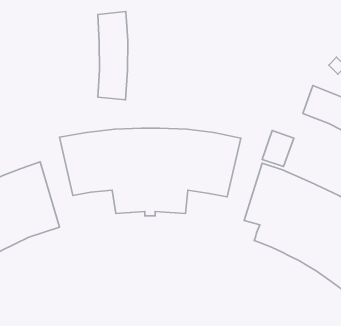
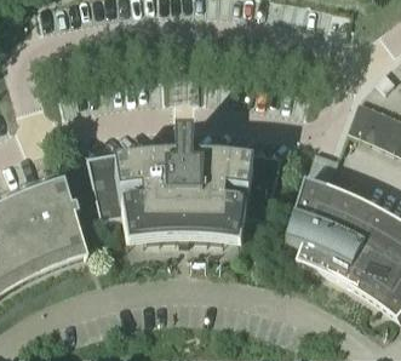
building: [98,12,128,100] -> none

